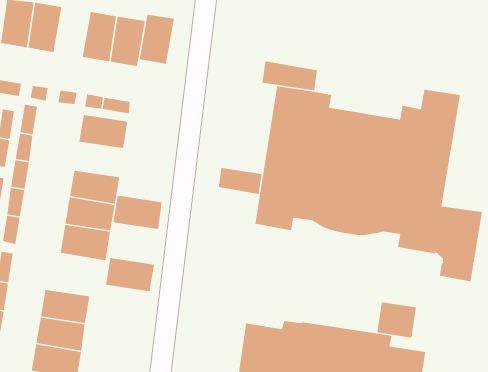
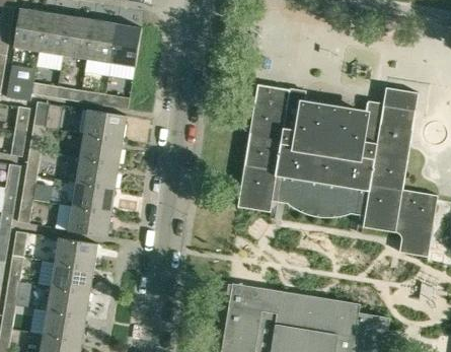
building: [139,14,175,65] -> [62,15,93,60]
building: [261,61,318,91] -> none
building: [218,167,263,195] -> none
building: [113,195,162,230] -> [79,134,123,164]
building: [105,257,155,292] -> [54,238,97,269]
building: [377,301,417,338] -> none

